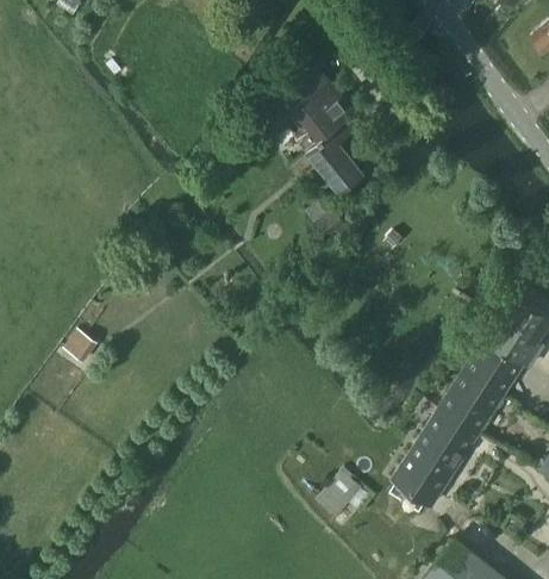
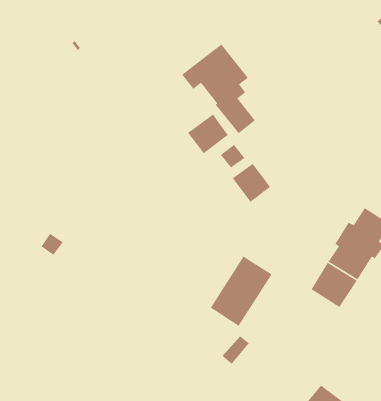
building: none -> [187,114,229,154]
building: none -> [232,163,271,203]
building: [393,407,480,506] -> [210,256,272,327]

